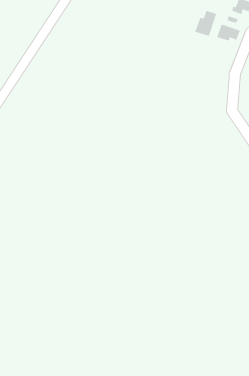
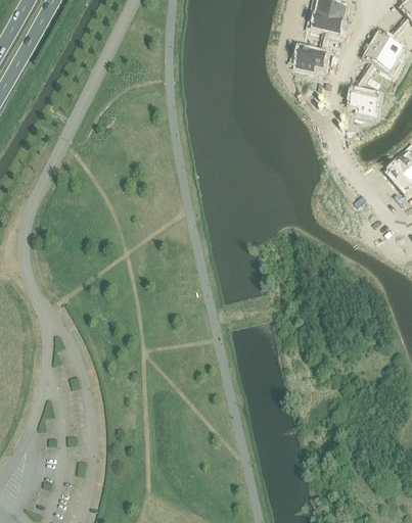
building: [194,10,217,37] -> none

